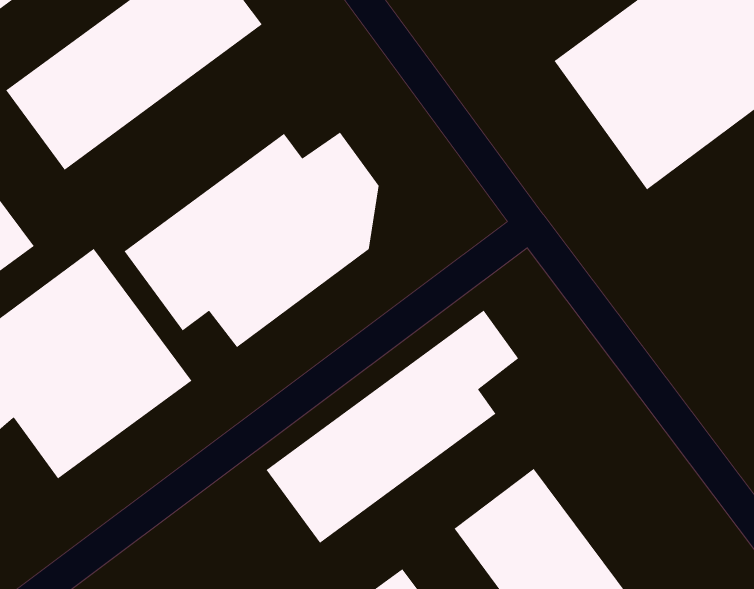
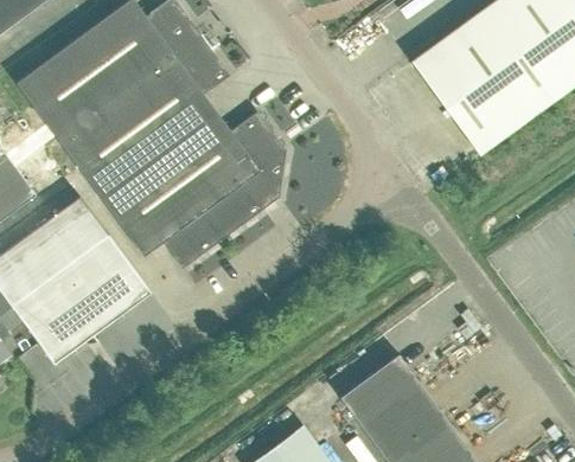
building: none -> [58,36,230,199]
building: [266,309,519,544] -> none

